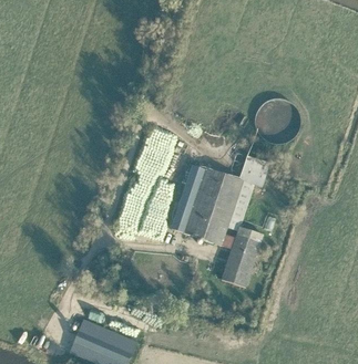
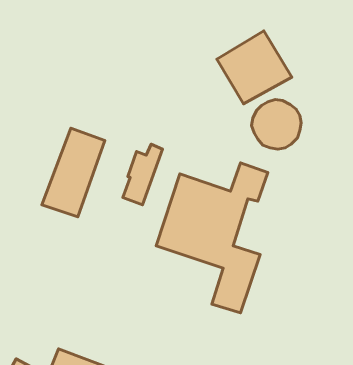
building: none -> [217,31,292,104]
building: none -> [42,128,105,217]

